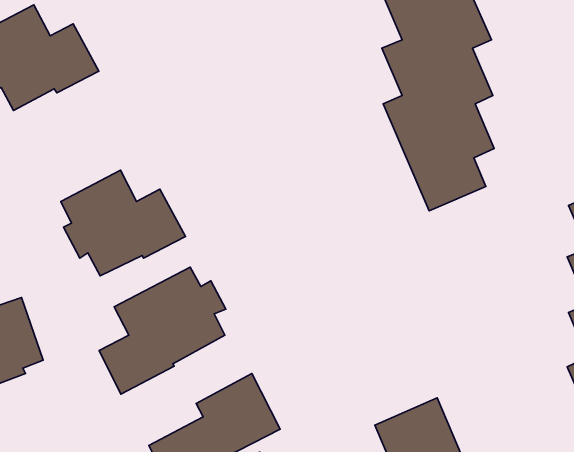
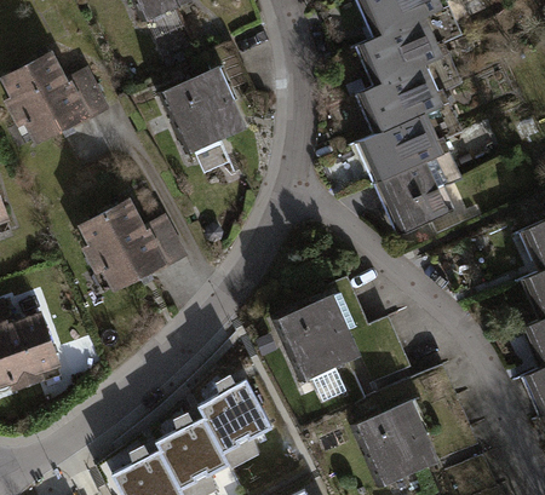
building: none -> [160,64,246,154]
building: [99,267,226,394] -> none
building: none -> [276,292,360,402]

